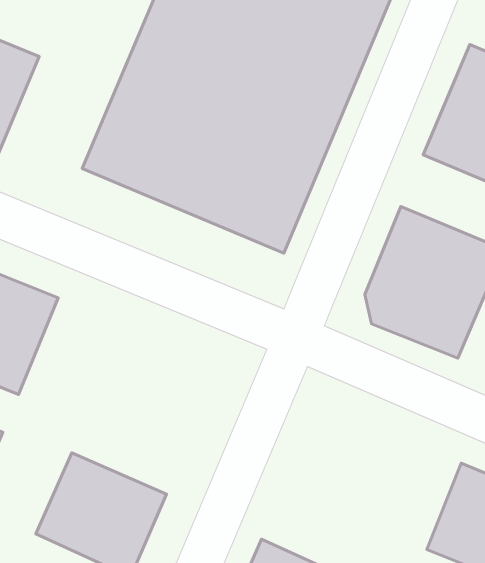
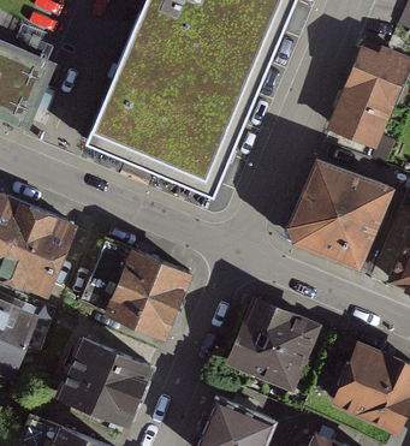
building: none -> [96,244,194,338]
building: none -> [231,299,323,389]

